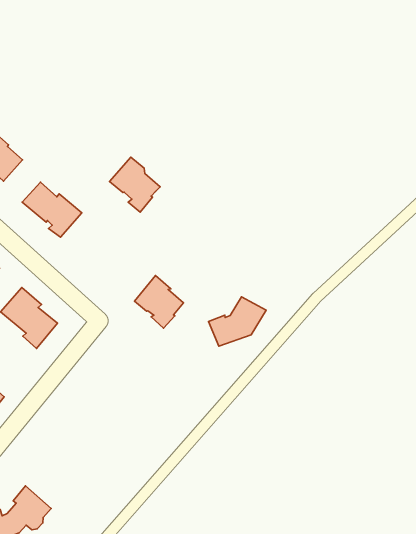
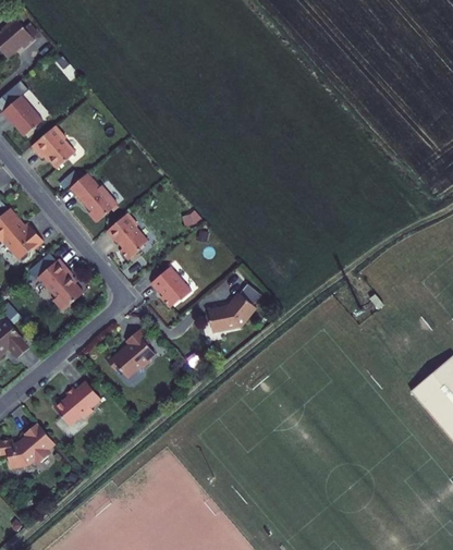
building: [109,157,160,212] -> [106,212,147,259]
building: none -> [107,329,155,375]
building: none -> [53,381,100,425]

